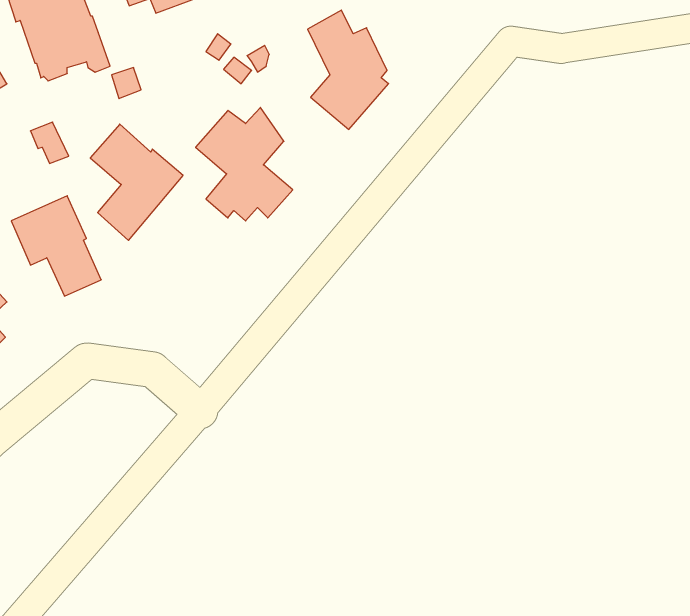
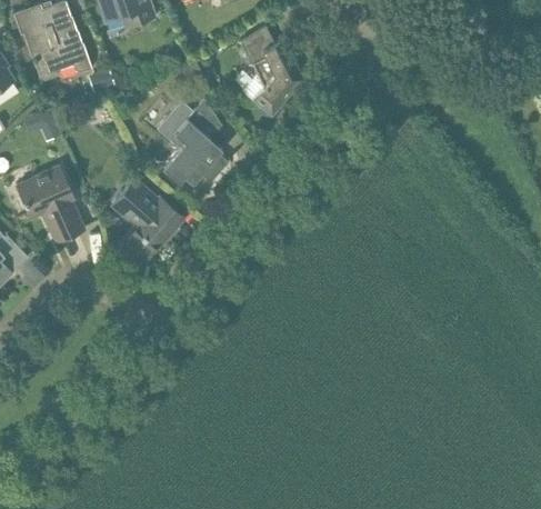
building: [90,124,183,240] -> [112,179,182,267]

